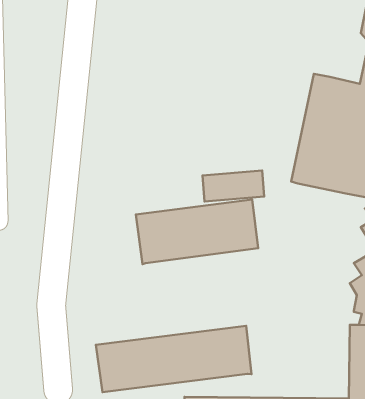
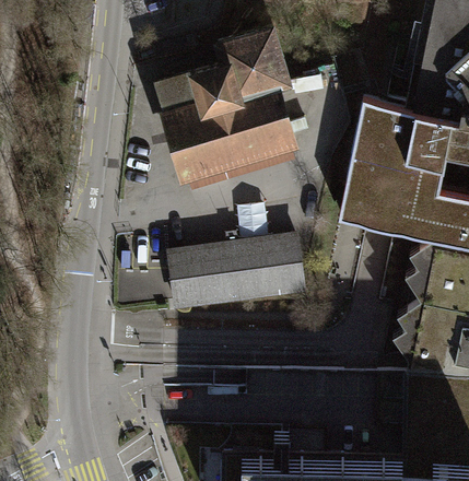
building: none -> [157,33,294,180]
building: [96,326,251,392] -> none

